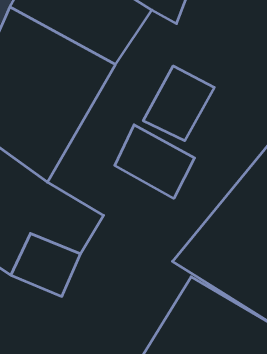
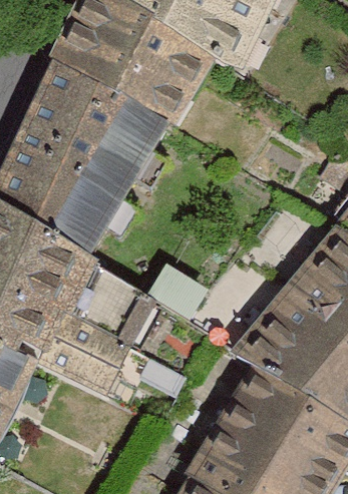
building: [143,66,214,141] -> none
building: [115,125,195,198] -> none

